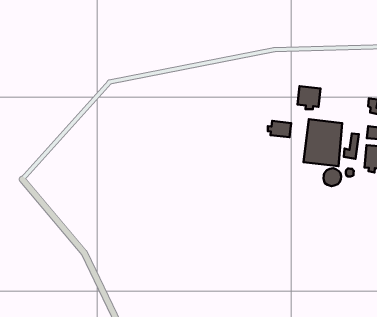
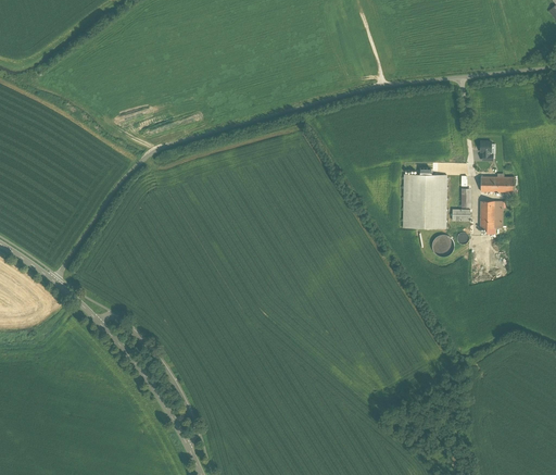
building: [298,86,320,109] -> none
building: [268,121,291,137] -> none

